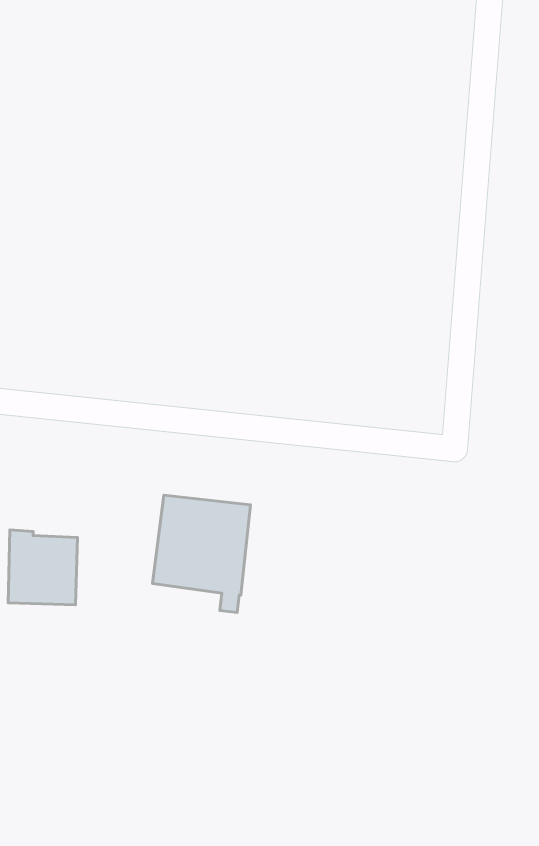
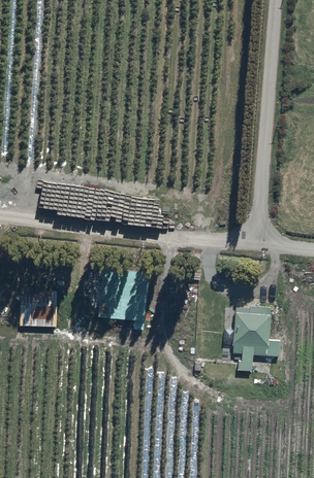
building: none -> [232,306,279,370]

